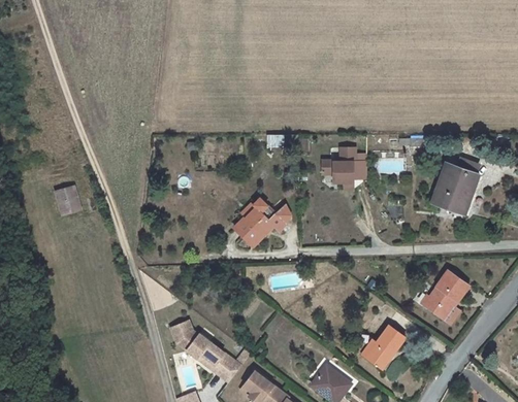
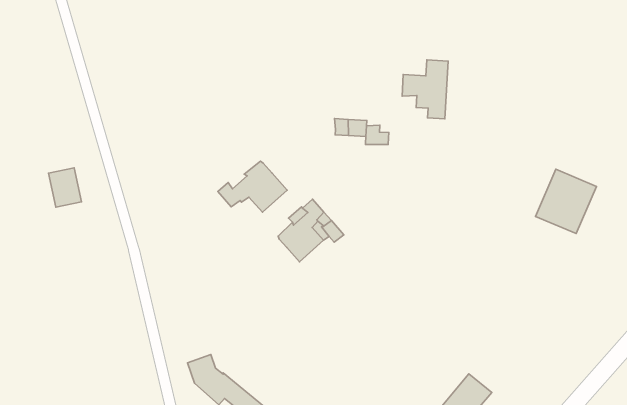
building: [321,145,355,190] -> [402,60,448,119]
building: none -> [218,161,287,212]
building: [421,271,468,323] -> none

